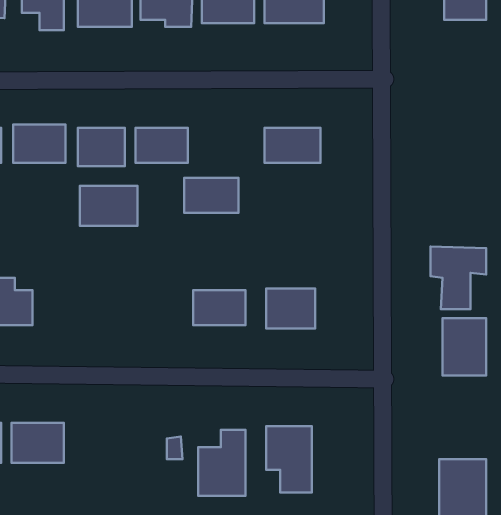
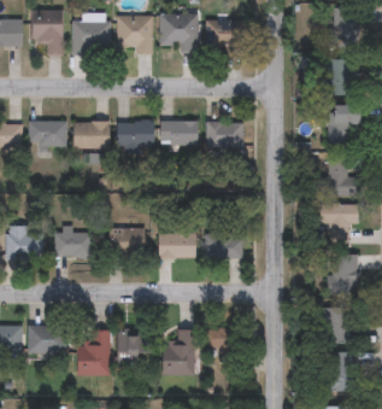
building: none -> [323,59,353,93]
building: none -> [327,107,357,142]
building: none -> [315,156,359,195]
building: [184,178,238,213] -> [158,121,195,145]
building: [80,186,137,226] -> [102,228,142,256]
building: none -> [55,233,89,257]
building: none -> [322,306,351,343]
building: none -> [74,331,107,375]
building: none -> [112,334,133,363]

